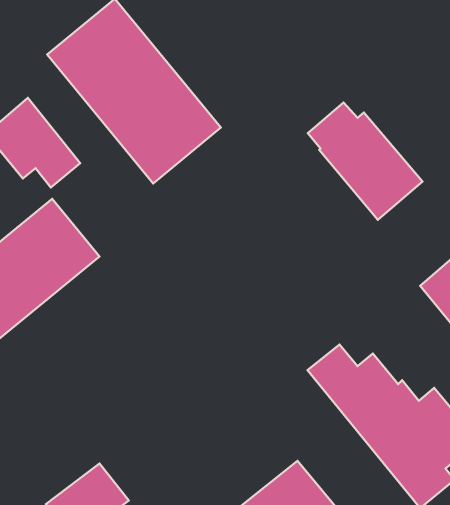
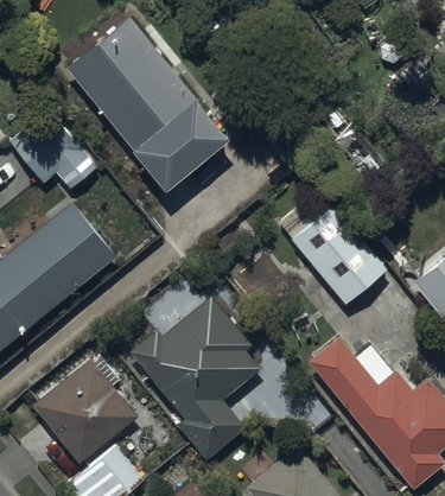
building: [308,102,423,220] -> [280,197,387,306]
building: none -> [129,297,260,462]
building: none -> [33,361,138,465]

